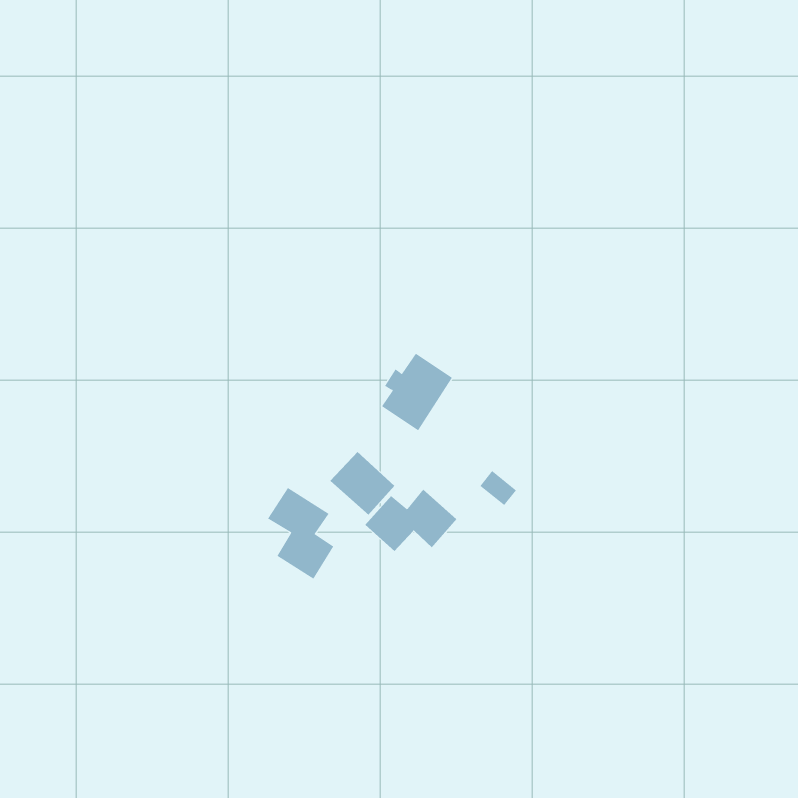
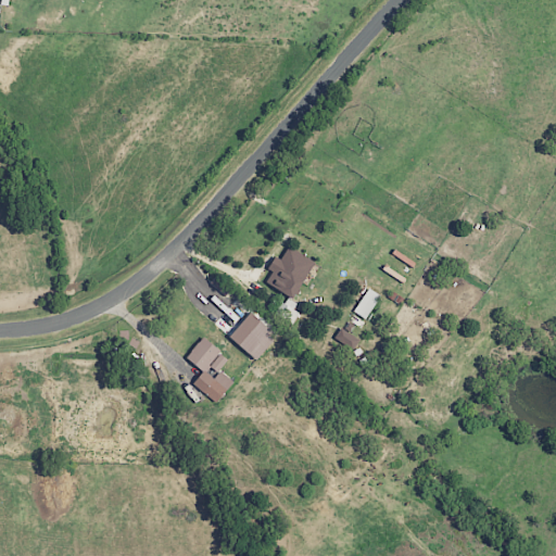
building: none -> [353,288,381,319]
building: [364,489,457,552] -> none

